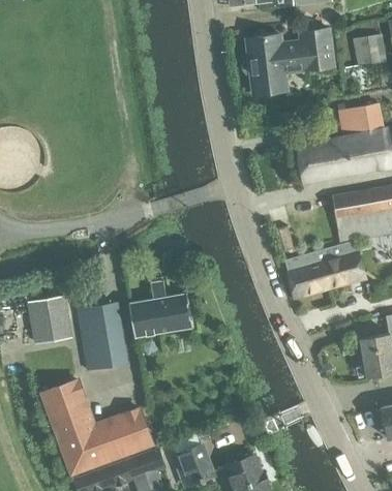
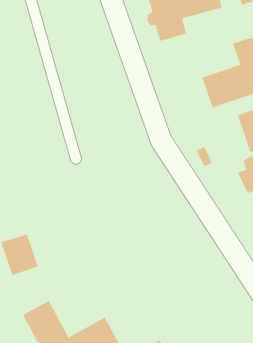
building: [285,250,332,300] -> none
building: [129,280,193,337] -> none
building: [79,303,122,371] -> none

